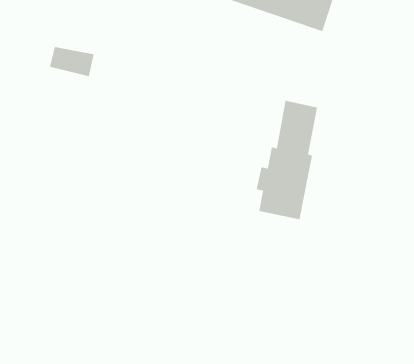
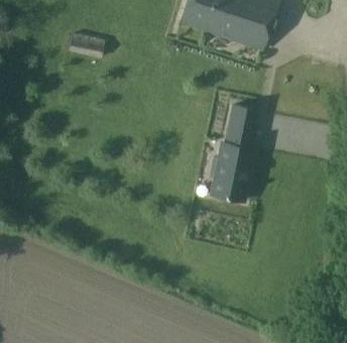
building: [49,46,94,77] -> [71,33,107,58]

